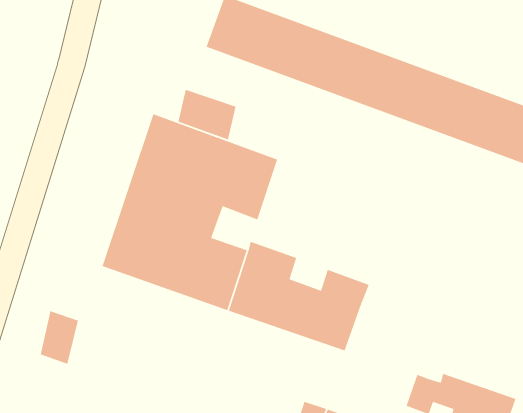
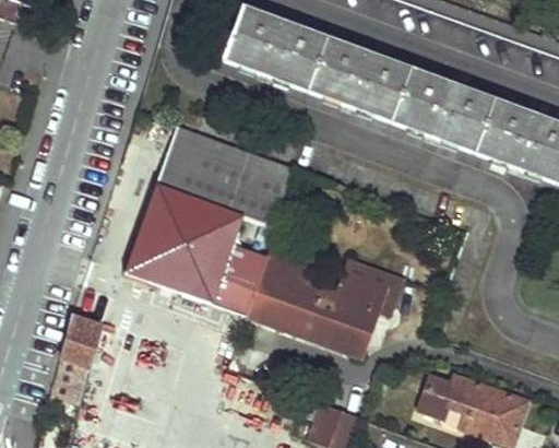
building: [178,89,237,141] -> none
building: none -> [344,261,402,314]
building: none -> [52,358,91,405]

